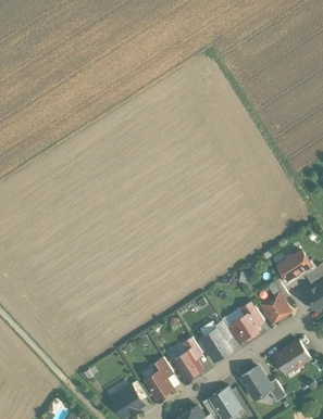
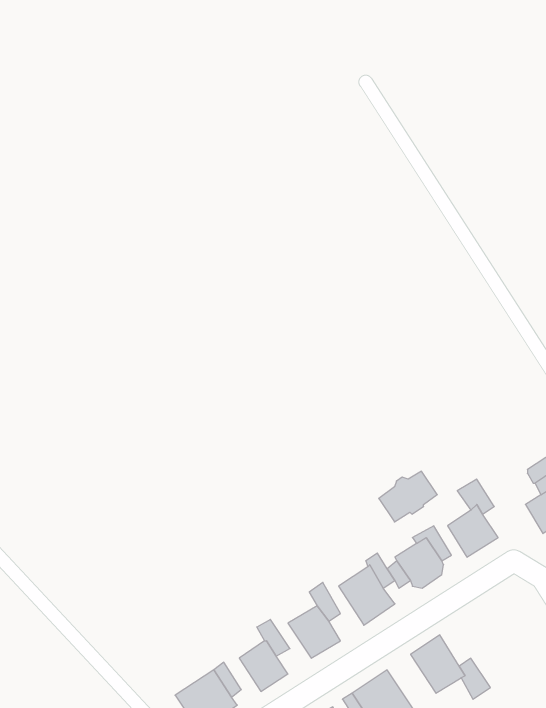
building: [277,251,310,279] -> [379,471,437,522]
building: [273,340,309,373] -> none

